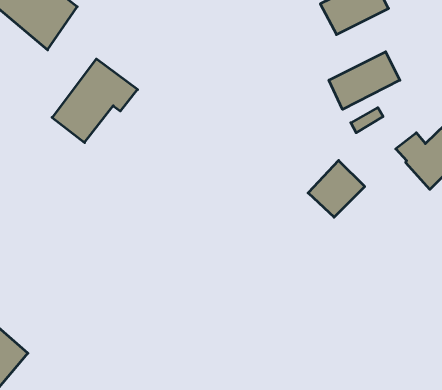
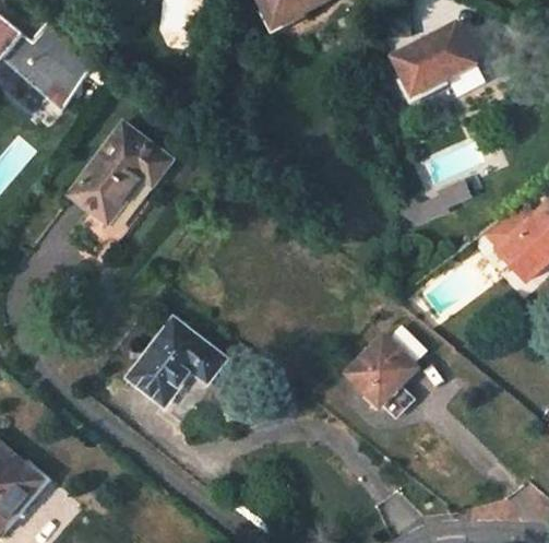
building: [329,52,400,109] -> none
building: [308,160,365,217] -> [347,334,416,403]
building: none -> [129,320,225,405]

